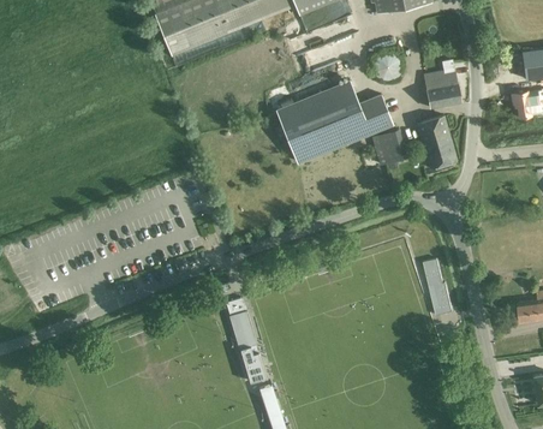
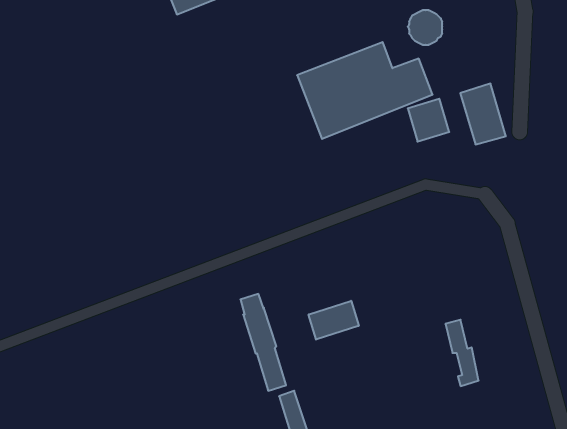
building: [424,70,461,108] -> none
building: [423,258,452,316] -> [445,320,479,386]
building: none -> [309,301,359,340]

